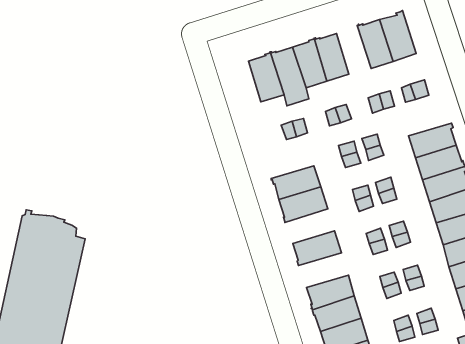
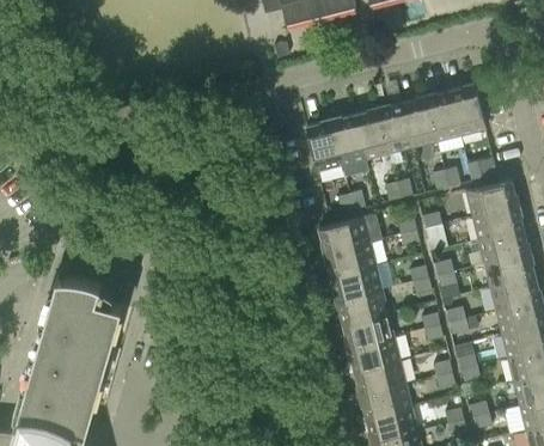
building: none -> [403,96,438,147]
building: none -> [467,181,520,216]
building: none -> [319,214,383,253]
building: none -> [336,289,389,324]
building: none -> [348,337,401,372]

